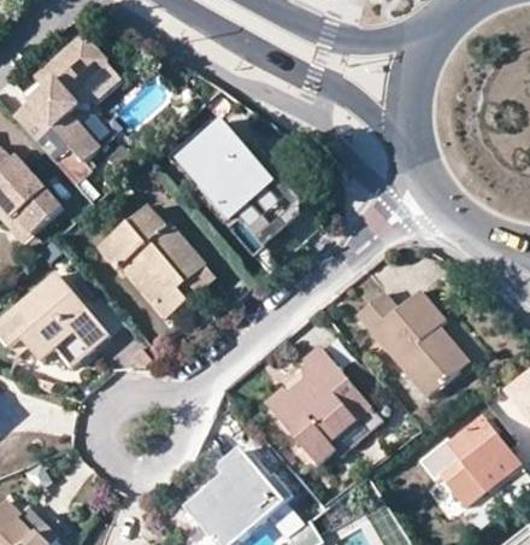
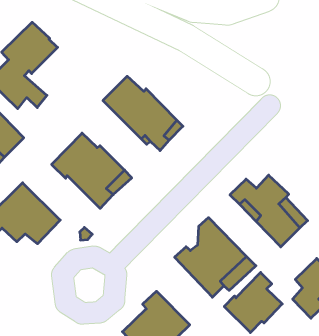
building: none -> [224,272,282,333]

